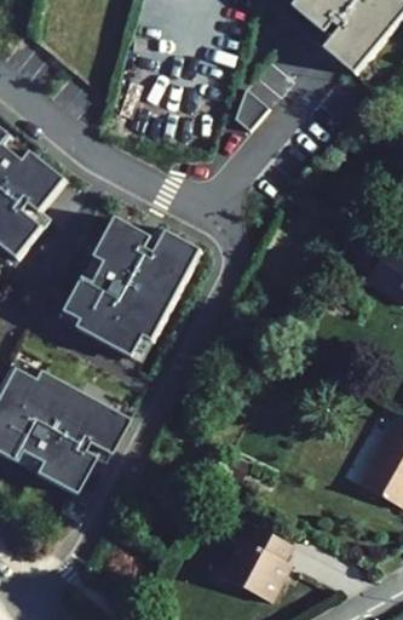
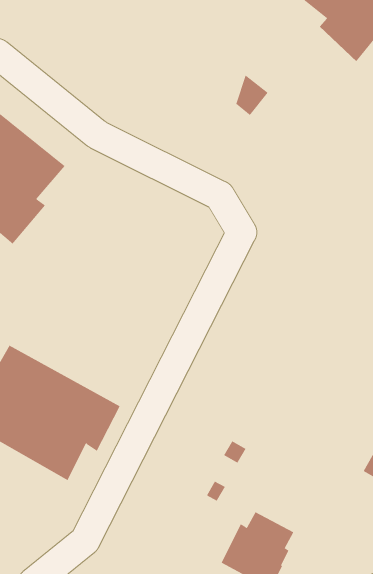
building: [59,219,200,363] -> none

